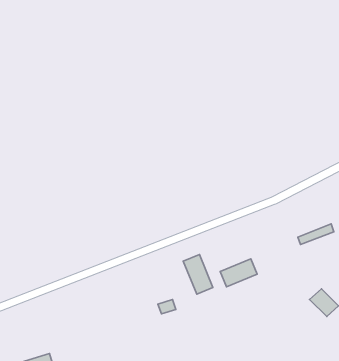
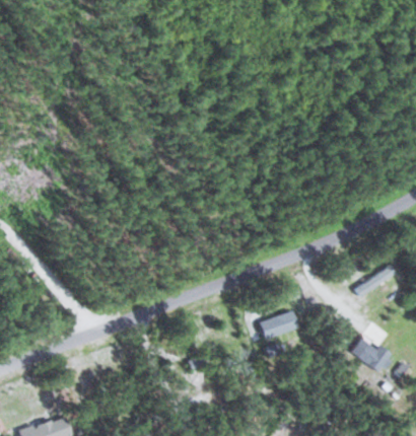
building: [183,255,213,294] -> none

